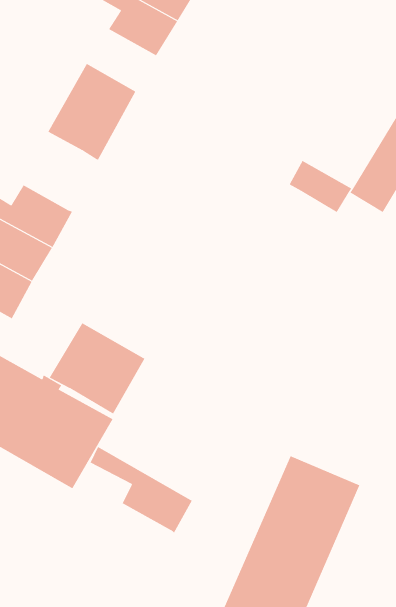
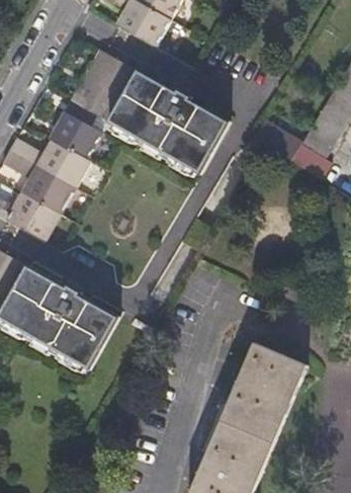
building: none -> [109,70,230,173]
building: none -> [50,101,103,160]
building: [49,323,145,415] -> none
building: [90,446,192,533] -> none

